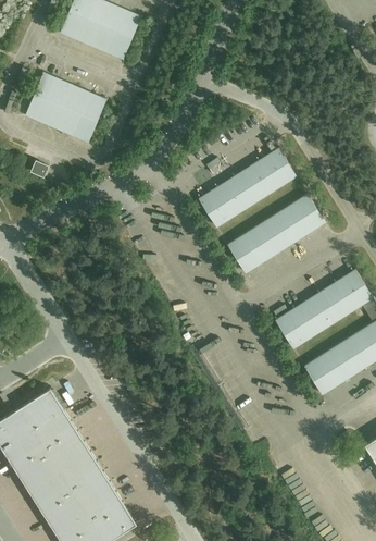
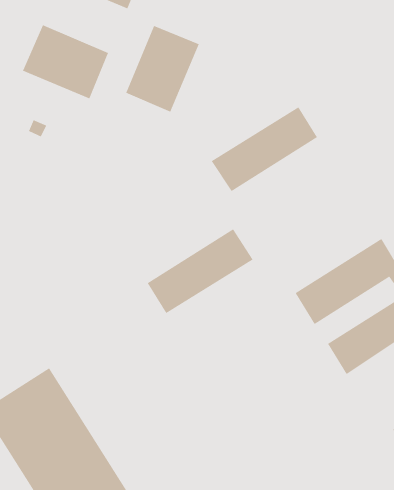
building: none -> [126,25,200,113]
building: [227,194,325,272] -> [147,229,254,314]

